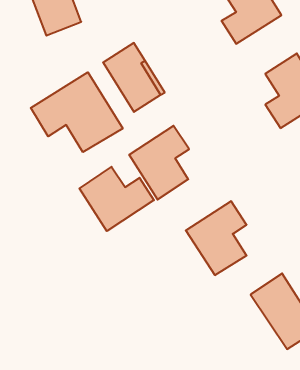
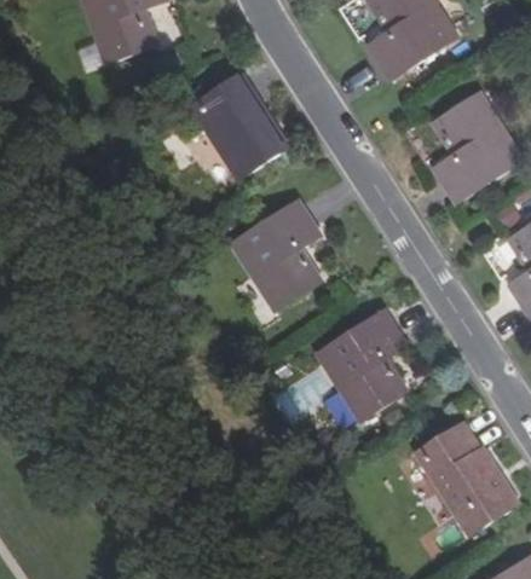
building: [31,72,123,152] -> none
building: [79,167,154,231] -> none

